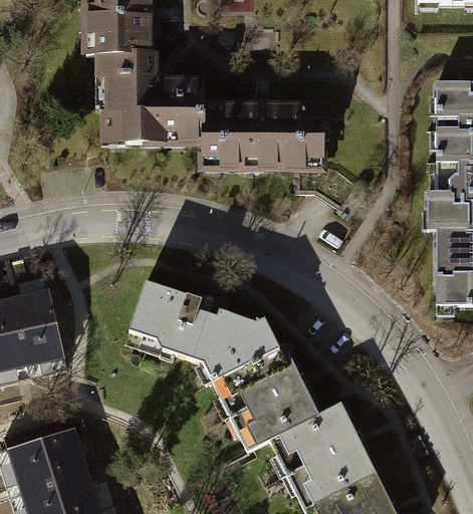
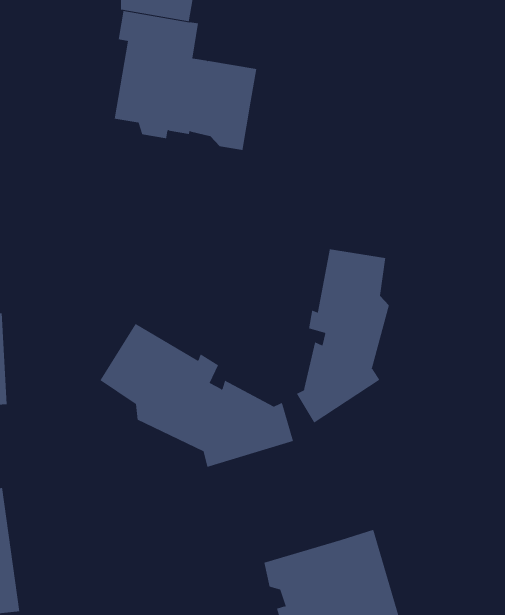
building: [202,105,322,170] -> none
building: none -> [296,248,390,424]
building: [212,343,322,452] -> none

